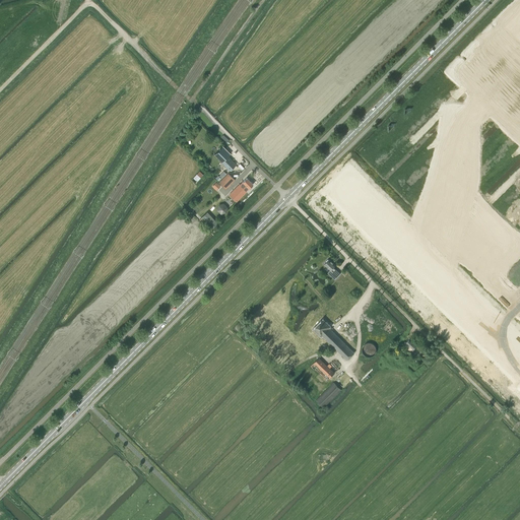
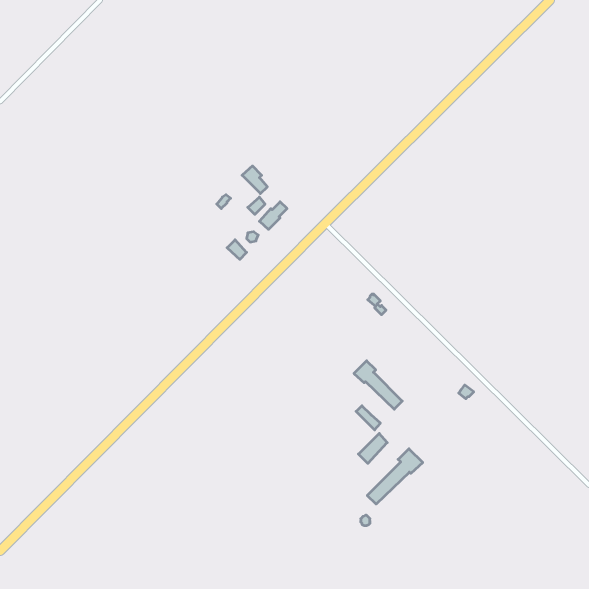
building: none -> [367,449,423,504]

